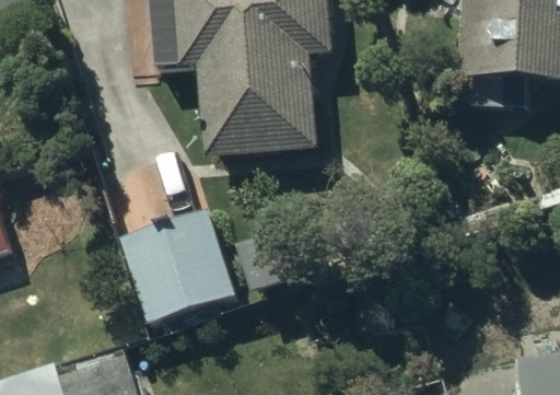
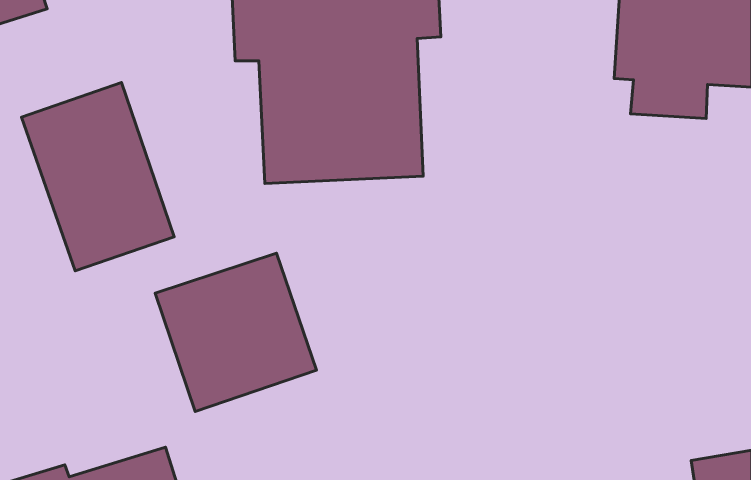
building: none -> [21,83,174,271]

